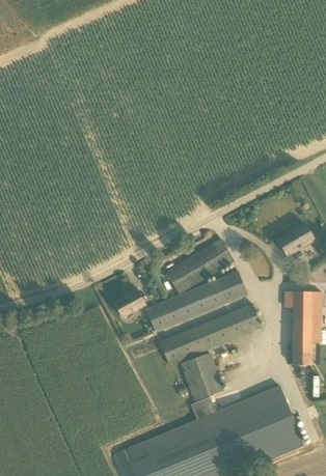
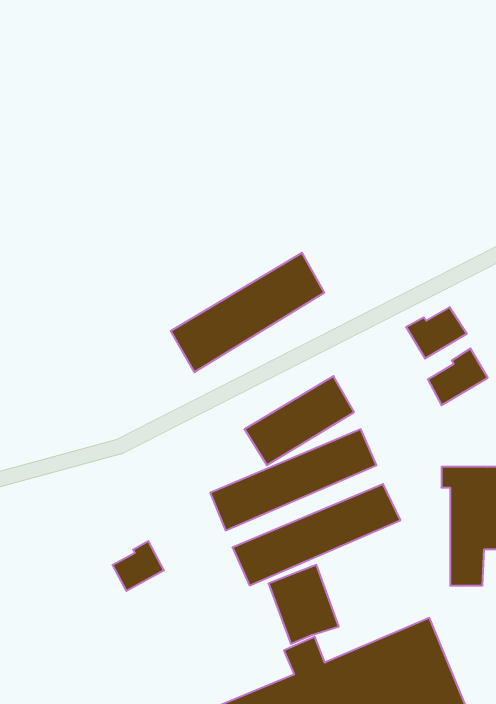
building: none -> [171,253,324,372]
building: none -> [406,307,467,359]
building: [114,287,145,317] -> [112,541,164,591]

